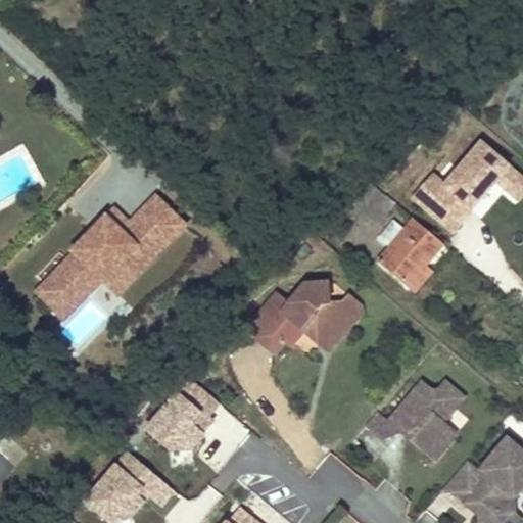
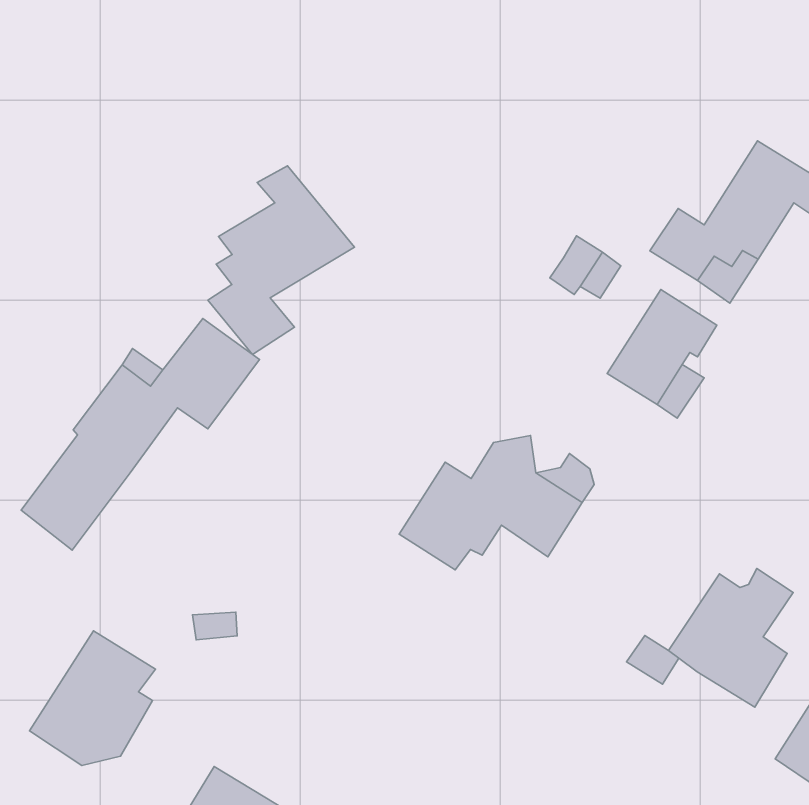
building: none -> [208,166,355,354]
building: [102,243,149,290] -> none
building: [145,375,221,449] -> [30,631,155,765]

